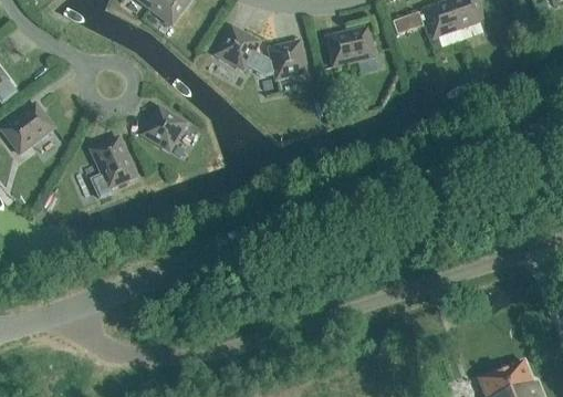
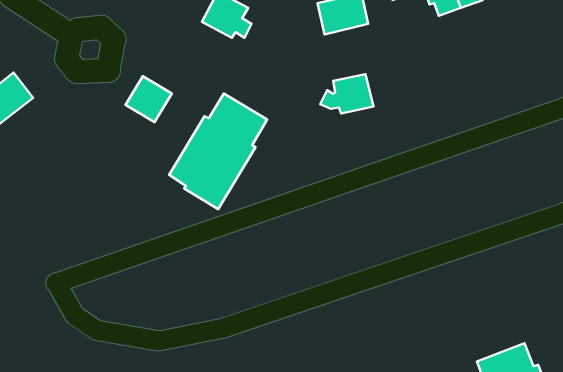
building: [256,41,306,79] -> [320,74,373,113]
building: none -> [169,94,267,209]
building: [90,136,136,198] -> none

